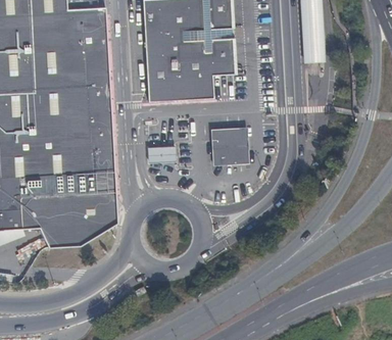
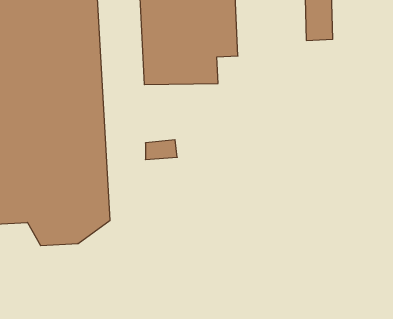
building: [208,120,243,163] -> none

